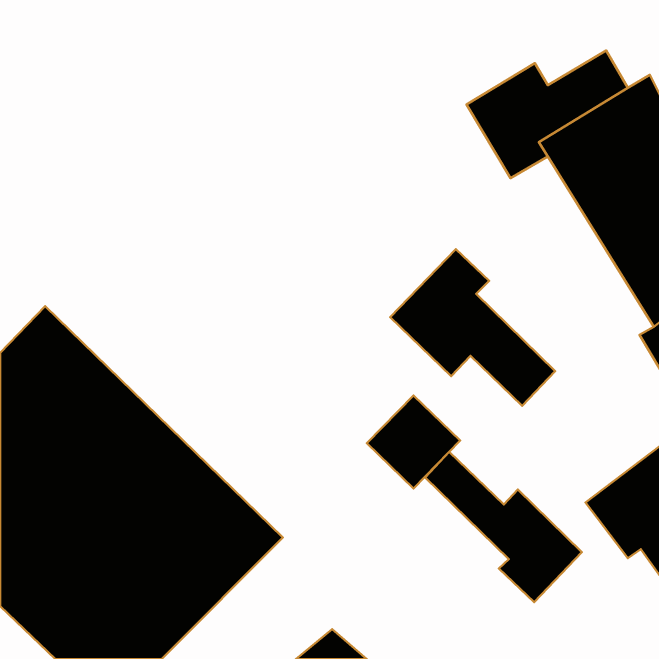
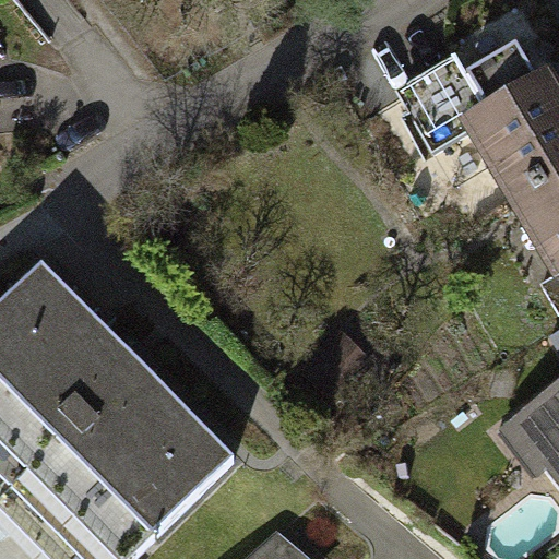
building: [390,249,555,406] -> none
building: [425,452,582,602] -> none

